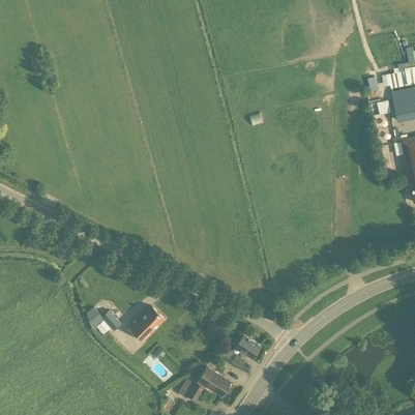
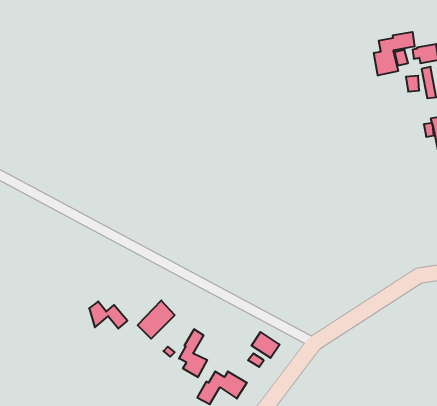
building: none -> [374,32,415,76]
building: none -> [179,329,207,377]

